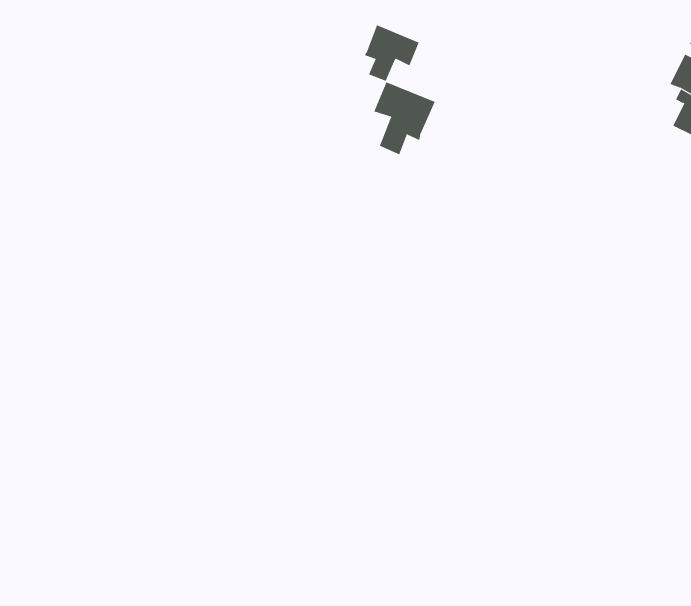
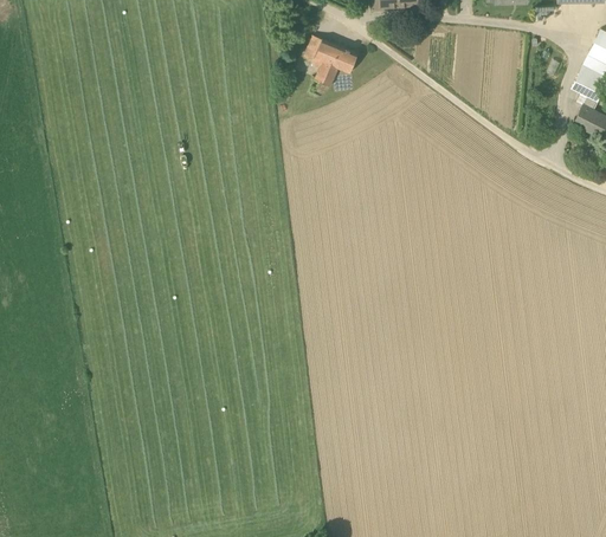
building: [374,81,436,155] -> none

